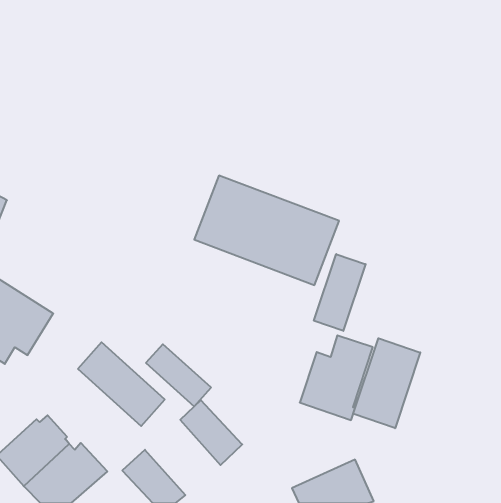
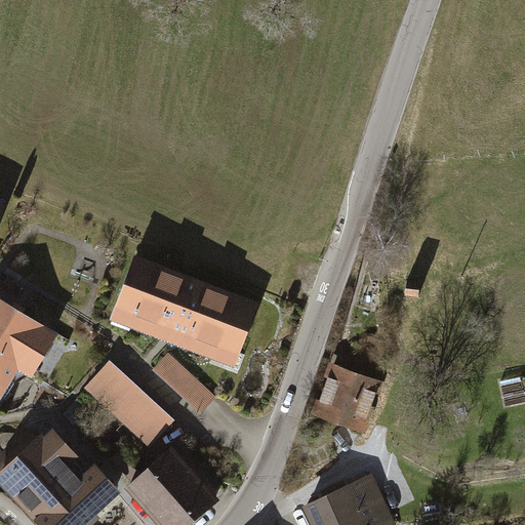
building: [194,176,339,285] -> [109,262,259,376]
building: [314,254,366,331] -> none
building: [353,338,420,428] -> none
building: [180,400,242,465] -> [151,447,215,515]

